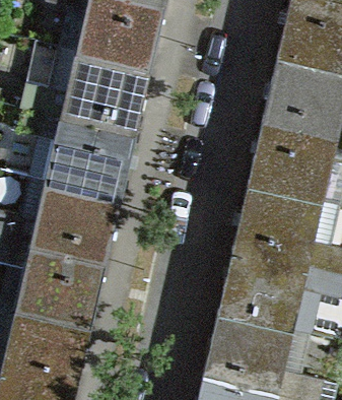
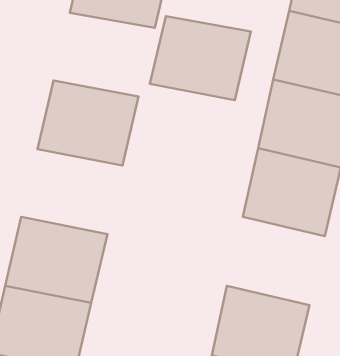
building: [56,51,151,130] -> [150,16,251,100]
building: [25,180,121,260] -> none
building: [219,244,312,327] -> none

